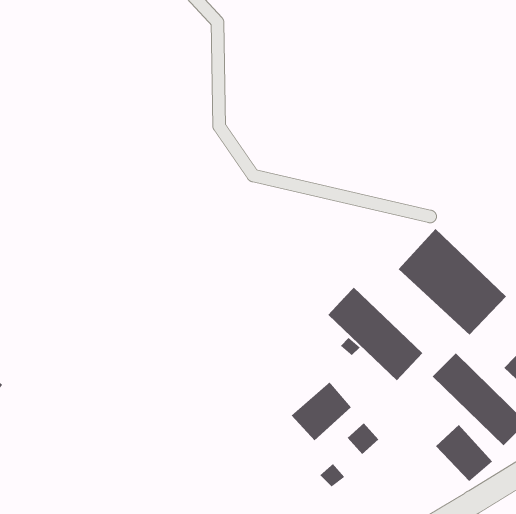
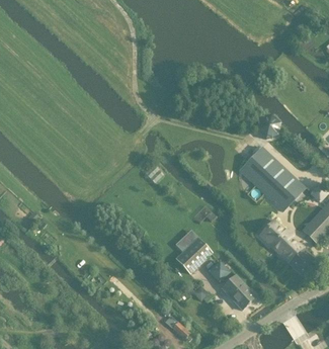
building: [327,287,423,381] -> none
building: [435,424,493,482] -> [220,274,254,309]

